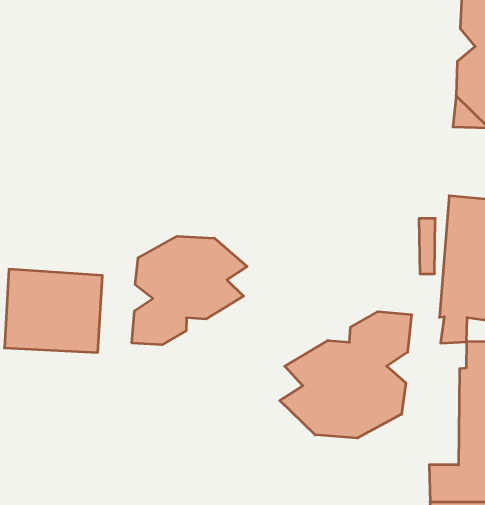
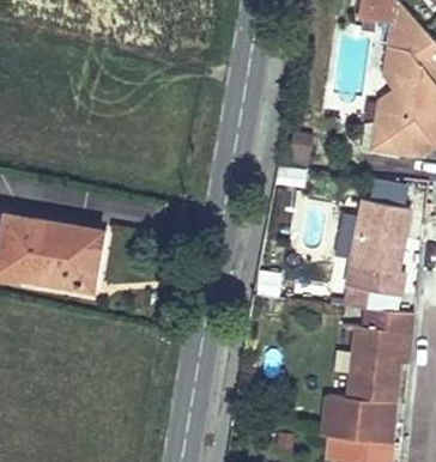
building: [132,236,247,345] -> none
building: [280,312,412,438] -> none

